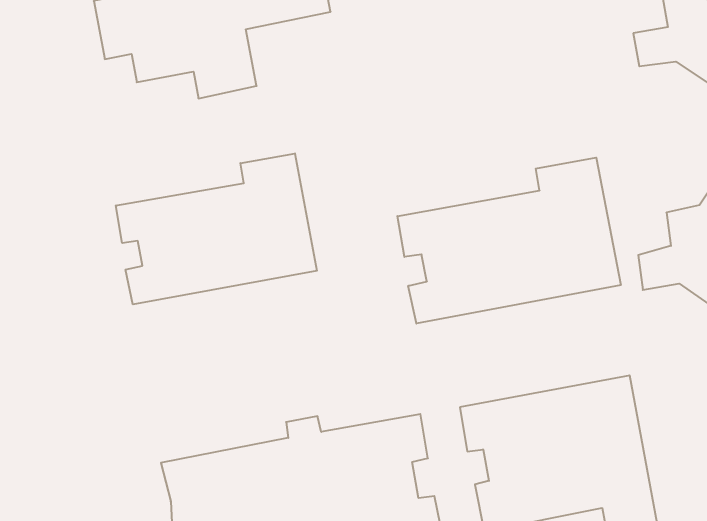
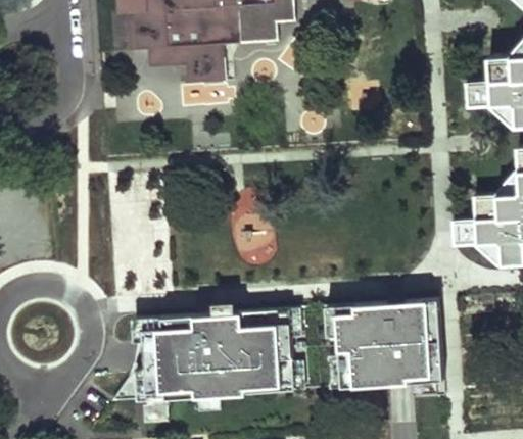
building: [116,153,317,304] -> none
building: [397,158,621,324] -> none

